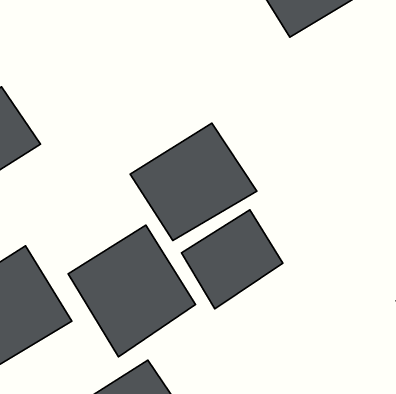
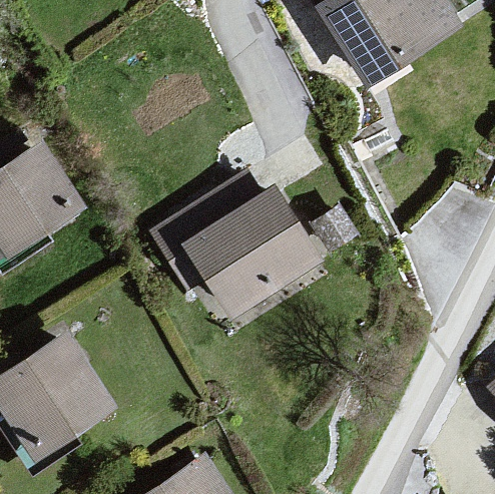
building: [181,210,283,309] -> none
building: [68,225,195,357] -> none

